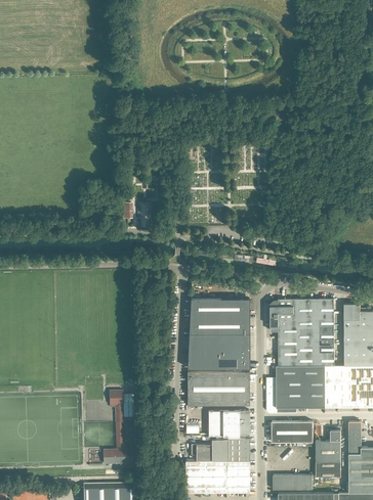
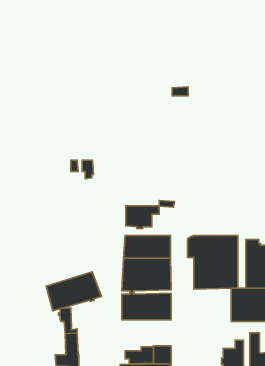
building: none -> [126,206,159,228]
building: none -> [46,272,102,311]
building: [266,365,326,413] -> none
building: [209,410,250,436] -> none
building: [272,421,314,442] -> none

